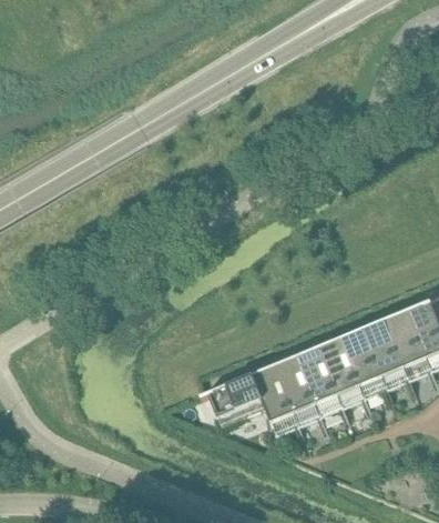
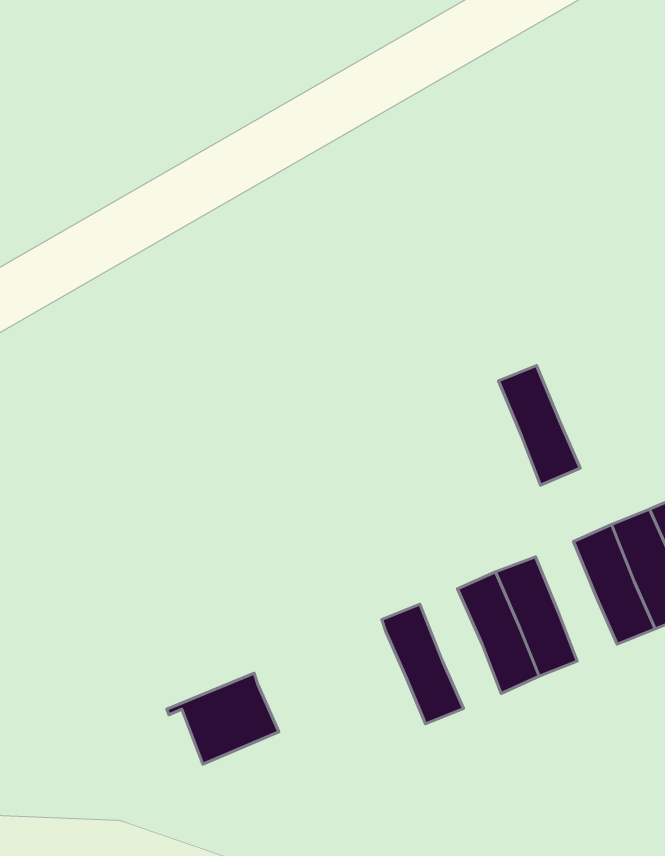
building: [341,328,389,398] -> [499,366,580,485]
building: [274,355,321,425] -> none
building: [201,373,266,426] -> [167,673,279,764]

